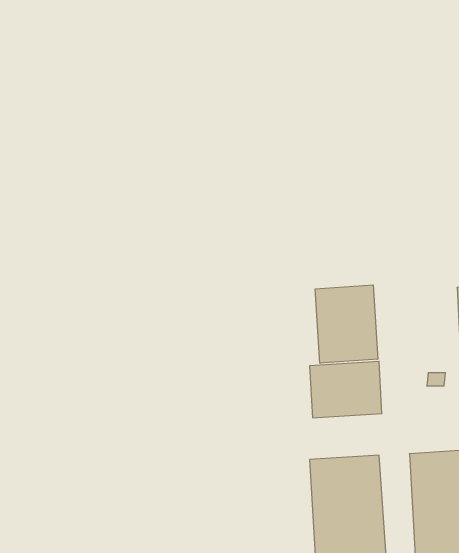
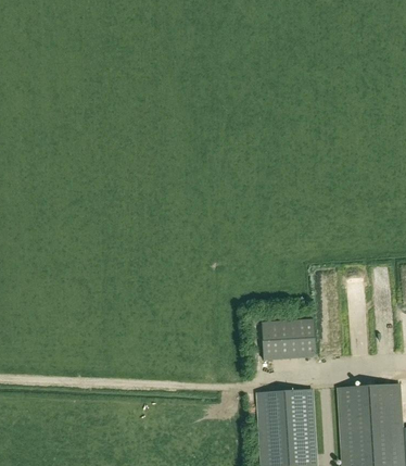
building: [315,285,378,363] -> none

